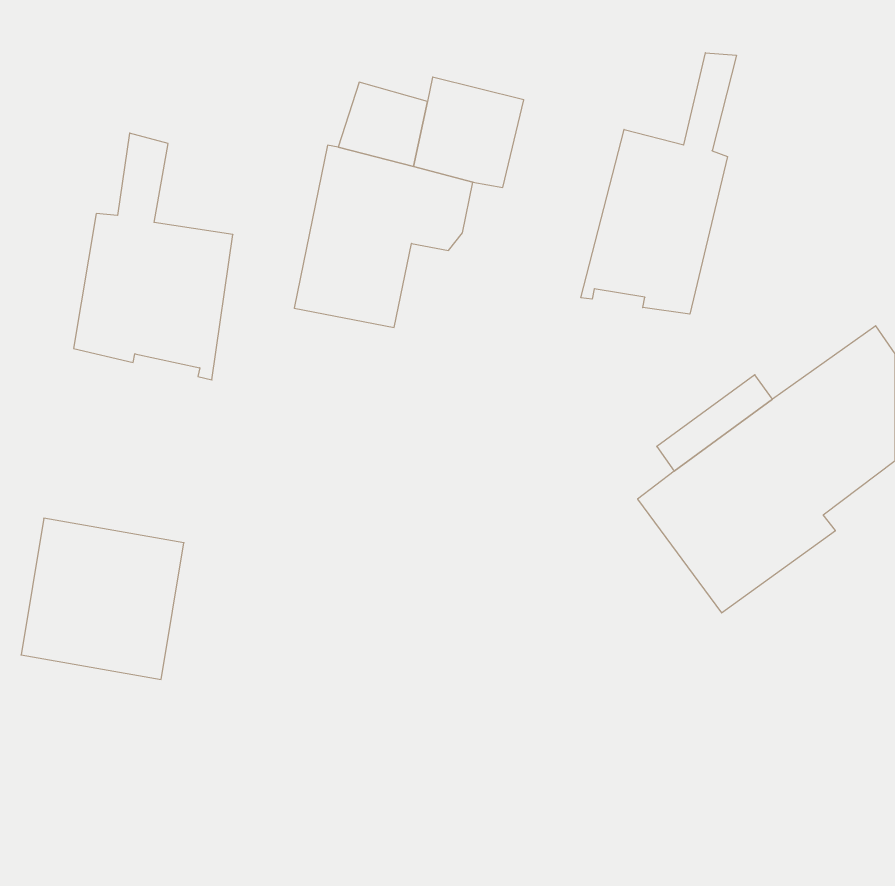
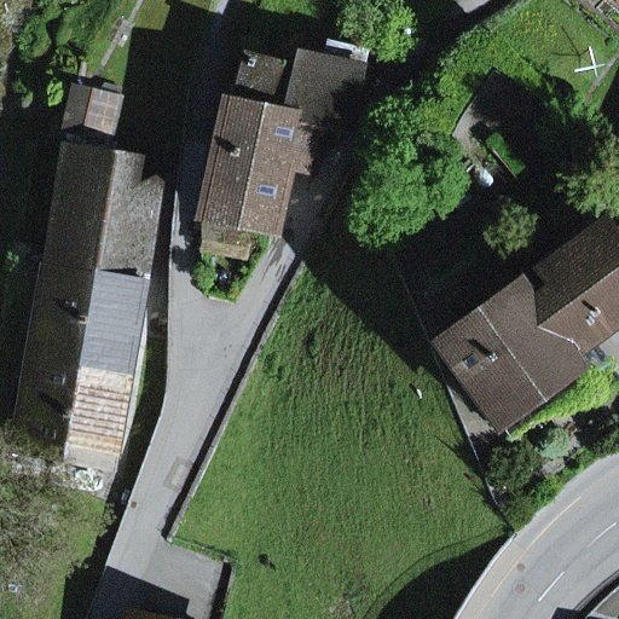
building: [581,53,736,314] -> none
building: none -> [30,247,146,381]

